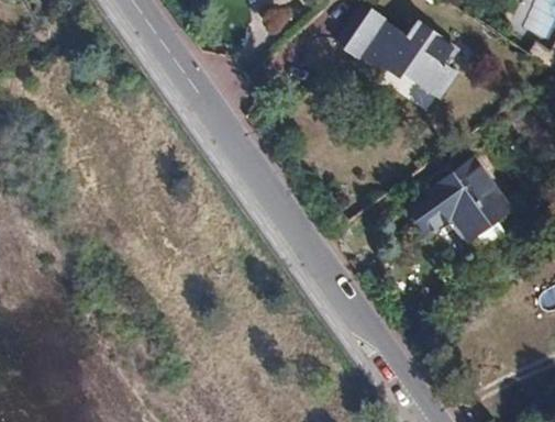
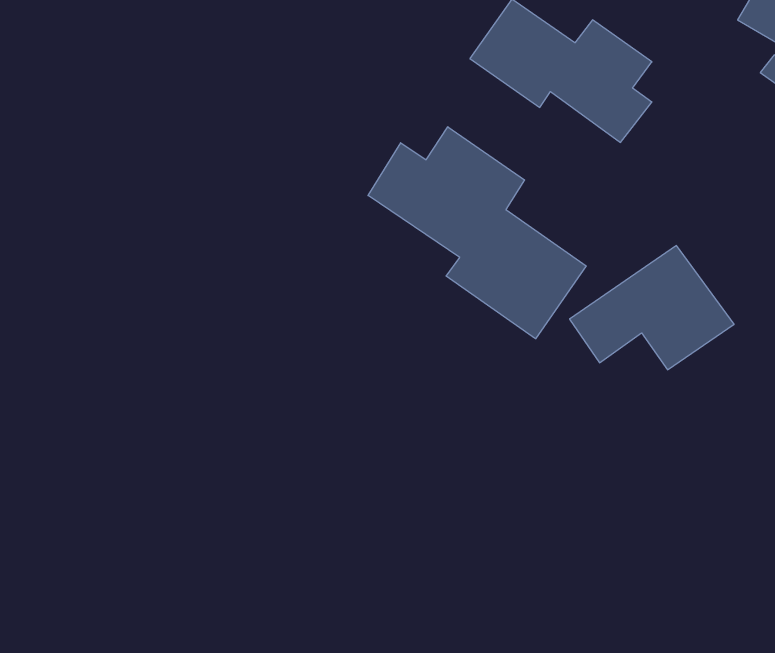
building: none -> [368,127,586,339]

